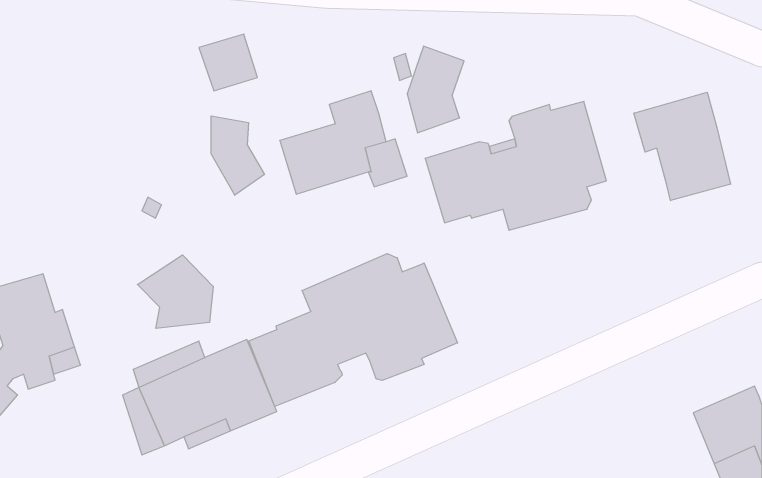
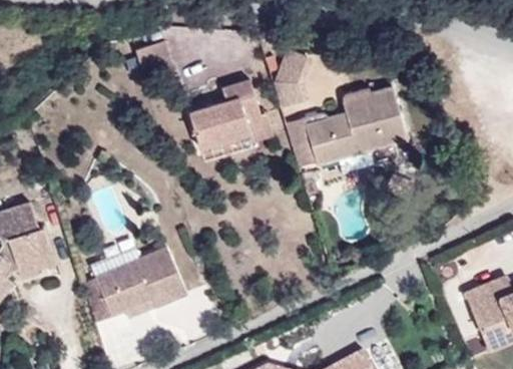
building: [634,92,731,201] -> none
building: [211,116,264,195] -> none
building: [249,254,458,407] -> none
building: [137,255,213,328] -> none

